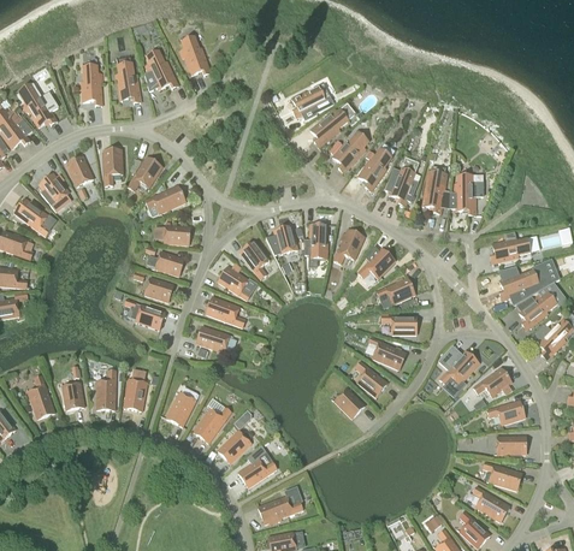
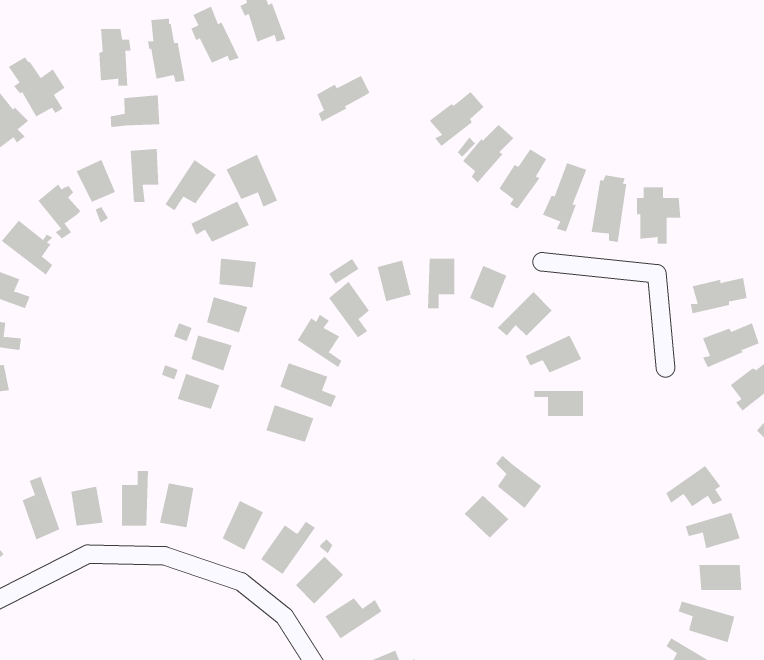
building: [291,84,329,117] -> [316,75,370,122]
building: none -> [110,95,160,128]
building: none -> [226,154,278,208]
building: [368,337,406,369] -> none
building: [437,344,479,384] -> none

